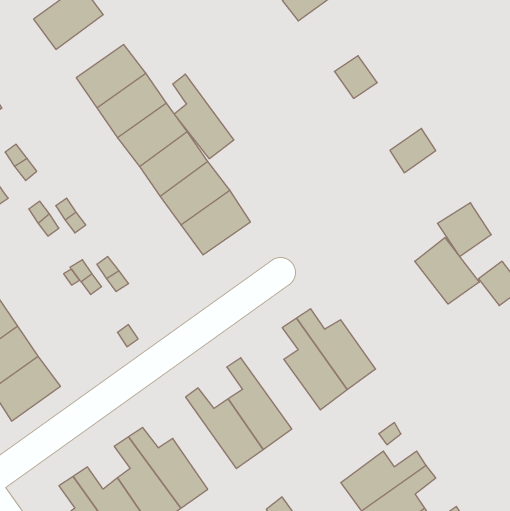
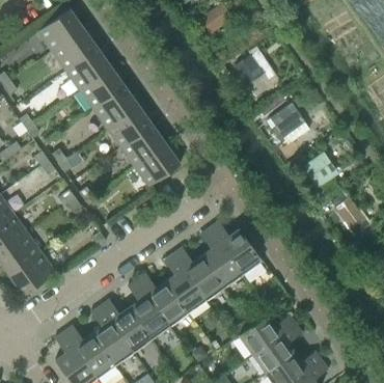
building: none -> [52,29,97,71]
building: [173,74,234,159] -> none
building: [415,237,479,304] -> none
building: none -> [173,248,225,301]
building: none -> [128,280,170,340]

